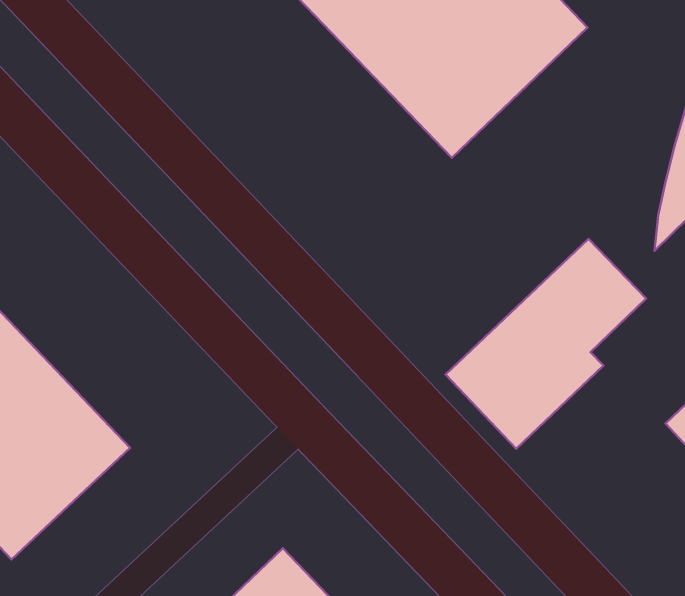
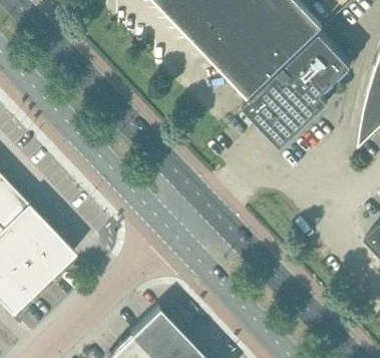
building: [445,239,646,449] -> [244,34,352,147]

